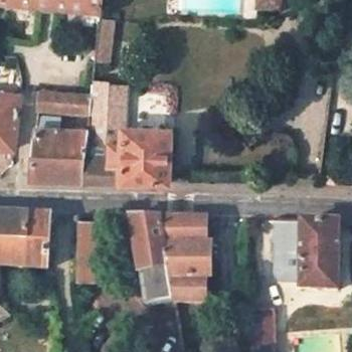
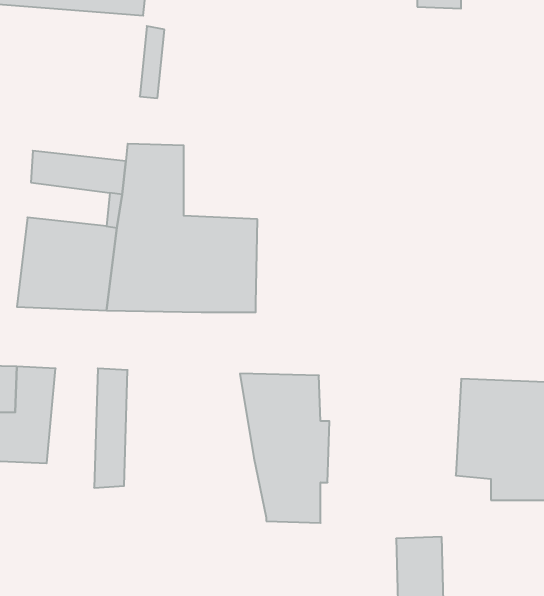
building: [127,216,173,306] -> none

